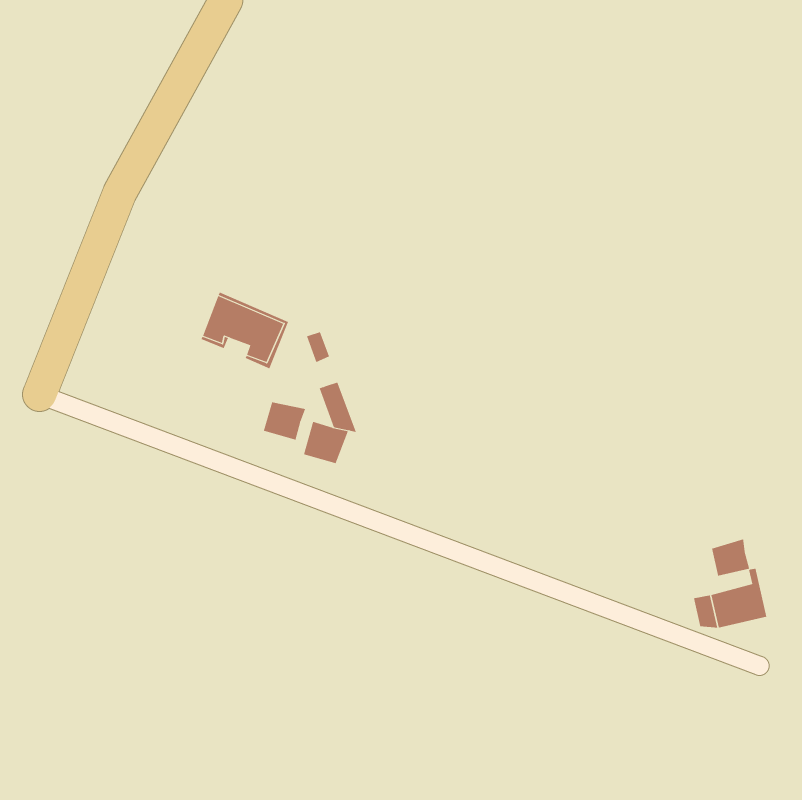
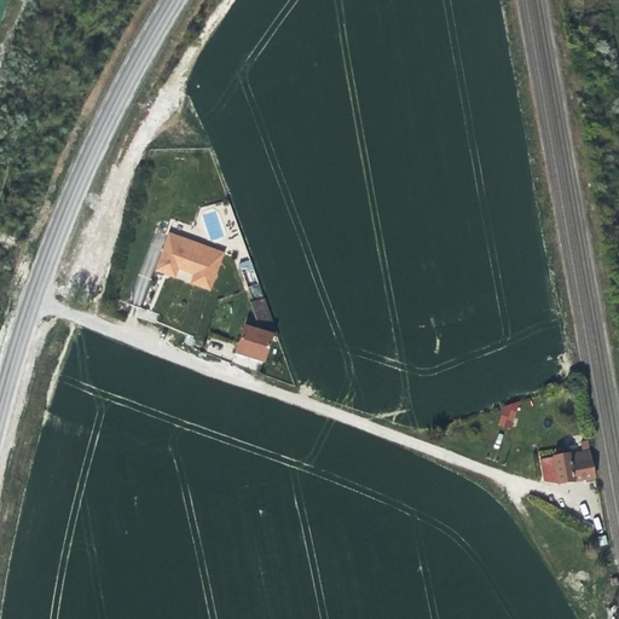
building: [263,401,306,441] -> none
building: [711,538,750,577] -> none

